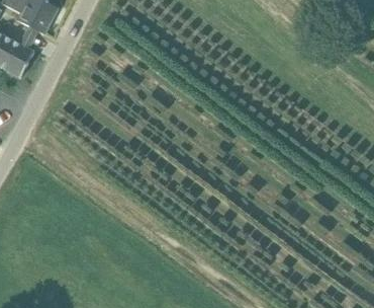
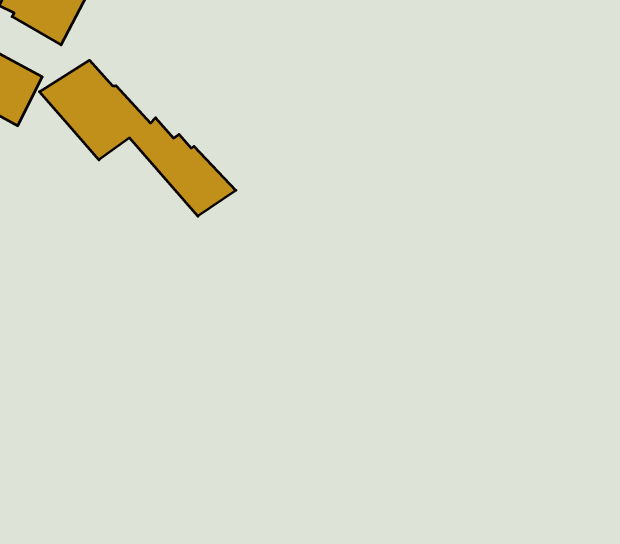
building: none -> [39,60,236,216]

